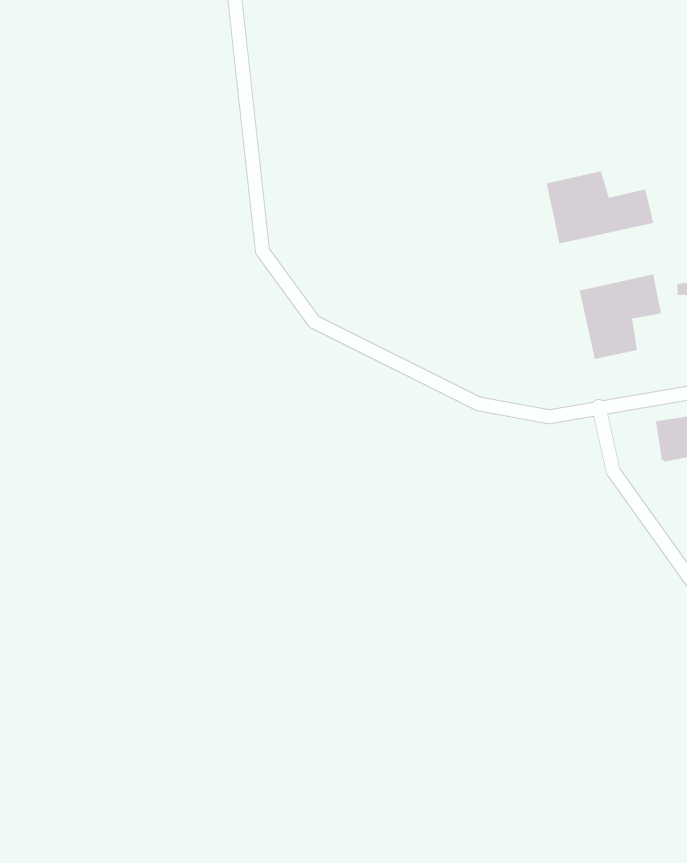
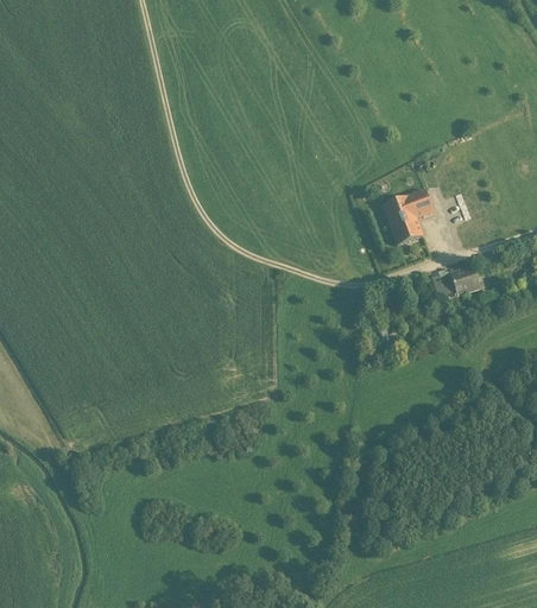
building: [546,170,654,244] -> none

